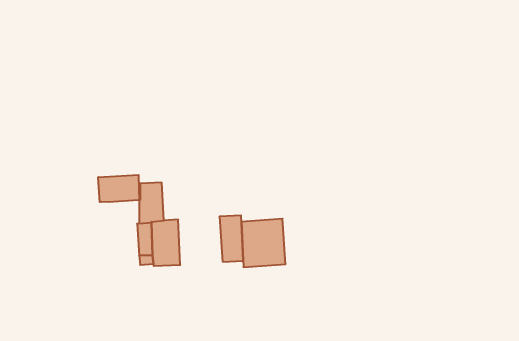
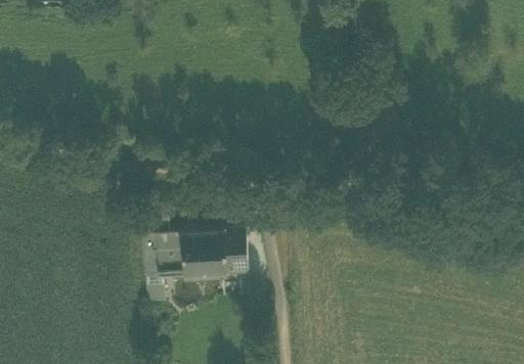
building: [98,175,139,202] -> none
building: [241,219,286,267] -> [181,230,225,278]

